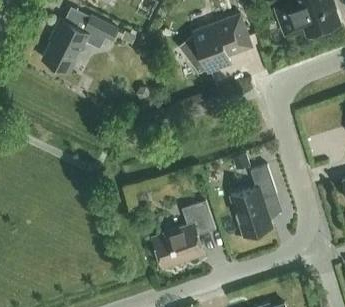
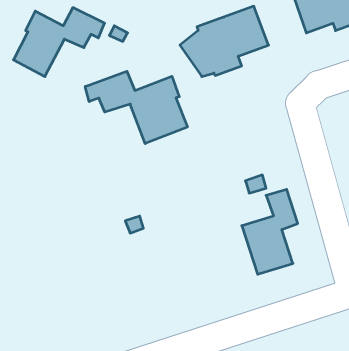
building: none -> [85,71,187,144]
building: [154,200,215,267] -> none

